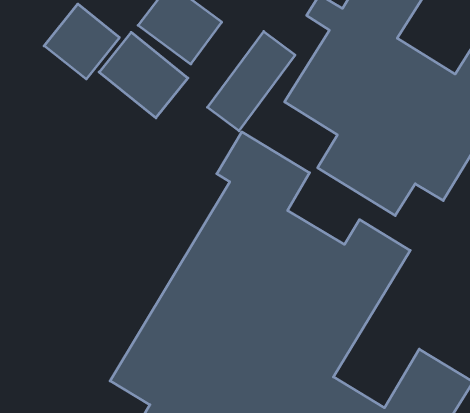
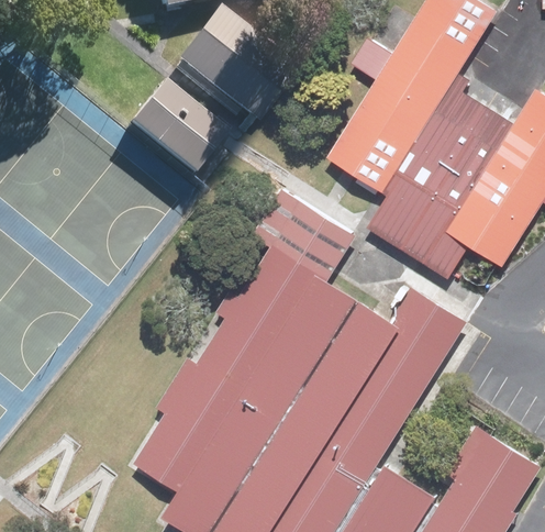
building: [44,4,119,79] -> none
building: [207,31,295,131] -> none

